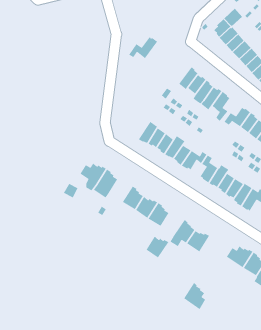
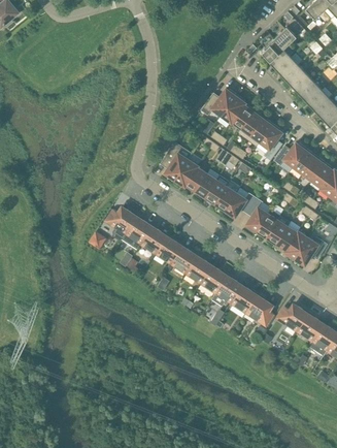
building: [128,36,158,59] -> [202,89,237,116]
building: none -> [161,143,192,181]
building: none -> [141,227,168,254]
building: [146,236,169,259] -> [201,266,229,293]
building: [183,282,206,310] -> [246,293,273,326]

